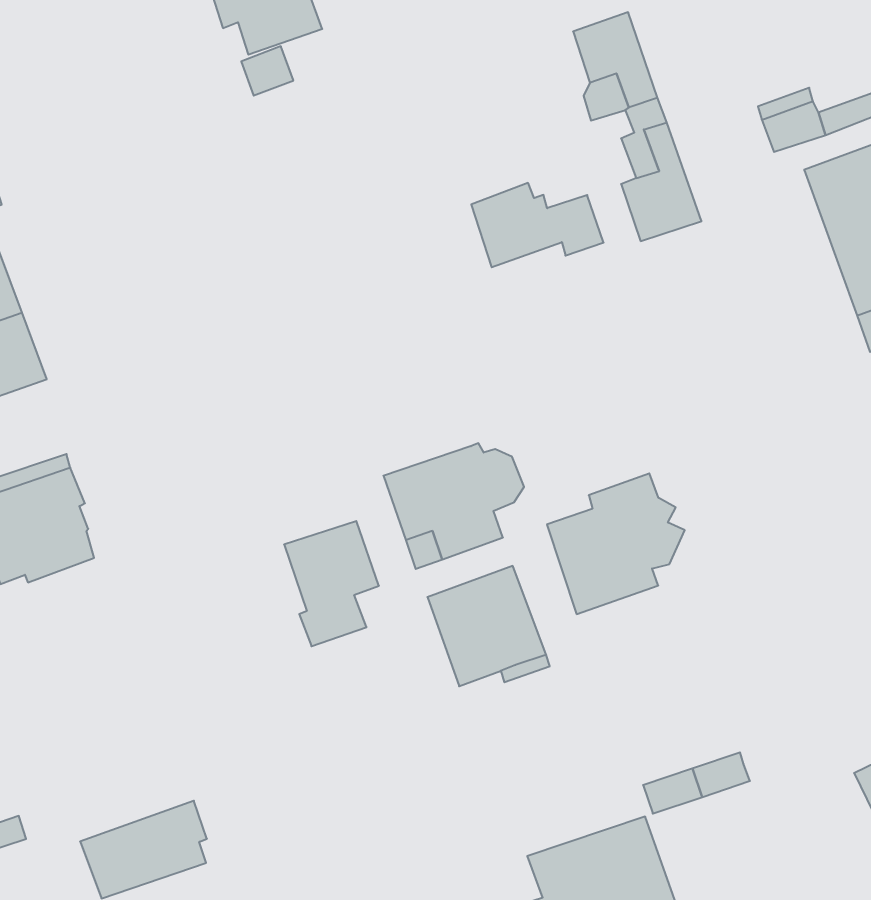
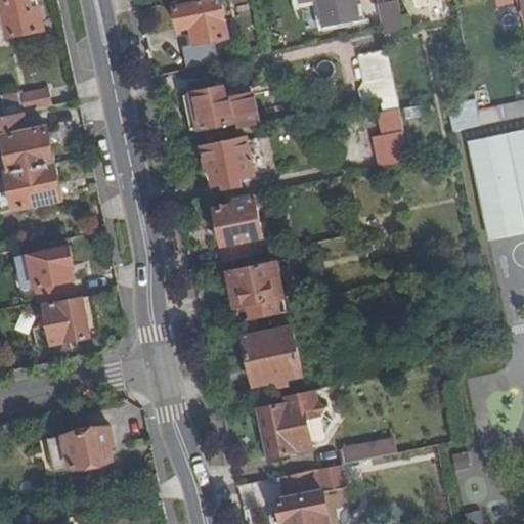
building: [471,183,604,267] -> [191,87,257,128]
building: none -> [202,137,254,187]
building: [547,473,685,614] -> [258,389,329,456]
building: [284,521,379,646] -> [215,201,261,262]
building: none -> [31,297,90,350]

